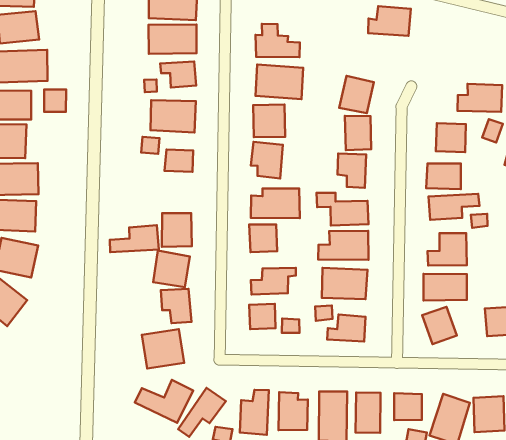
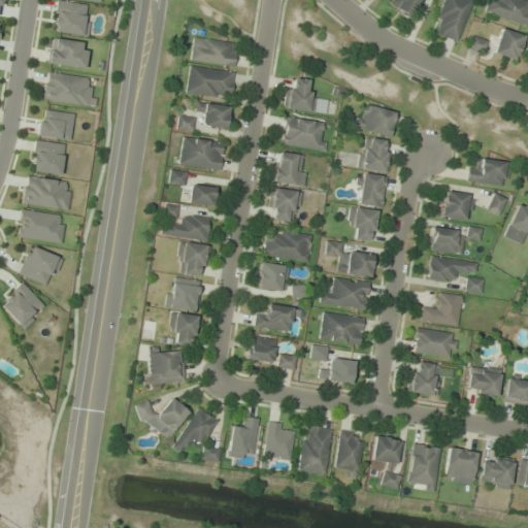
building: [368,6,411,36] -> [355,105,397,136]
building: [44,89,66,112] -> none
building: [110,225,159,252] -> [164,214,210,238]

